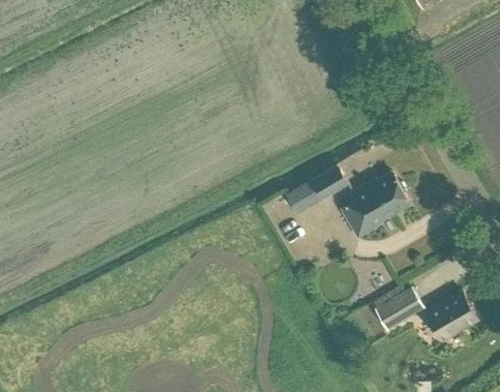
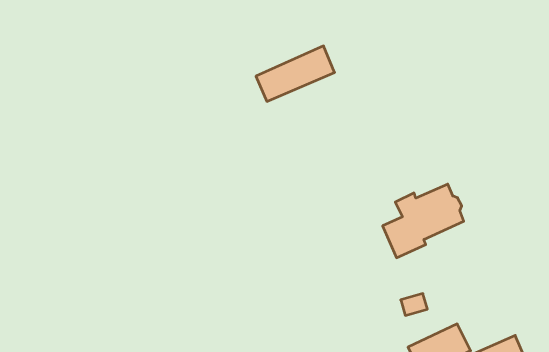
building: [286,162,350,213] -> [256,46,335,101]

